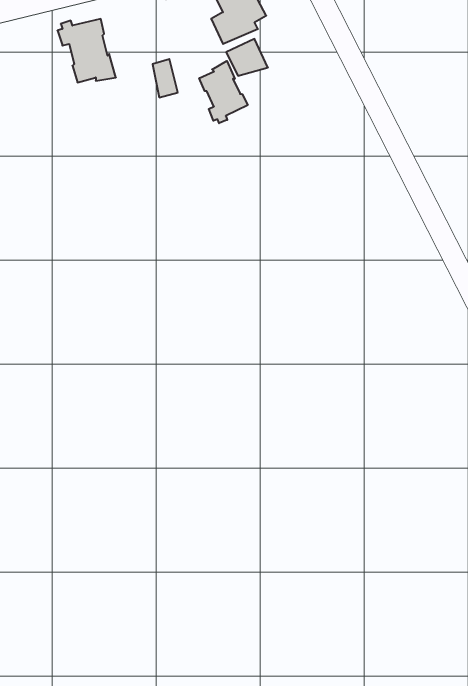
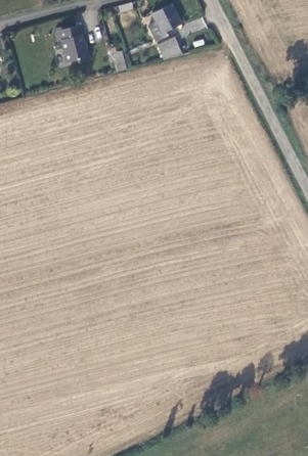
building: [199,61,248,123] -> none

